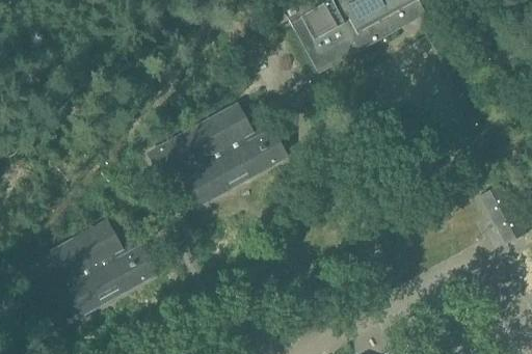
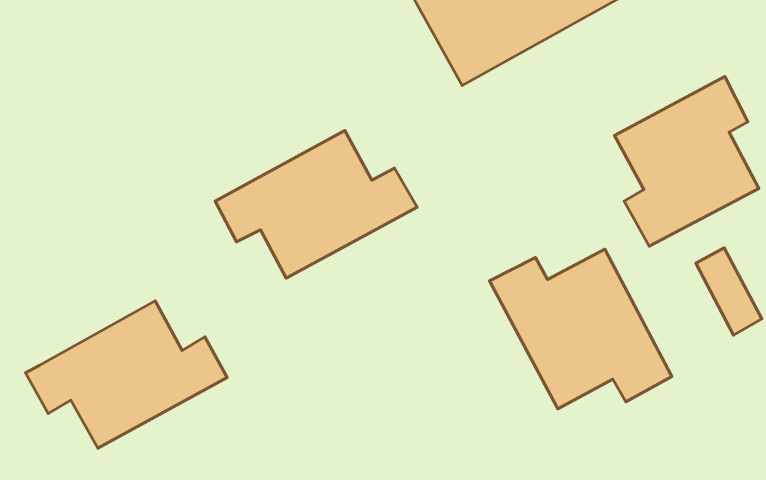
building: none -> [615,76,759,246]
building: none -> [489,249,672,409]

